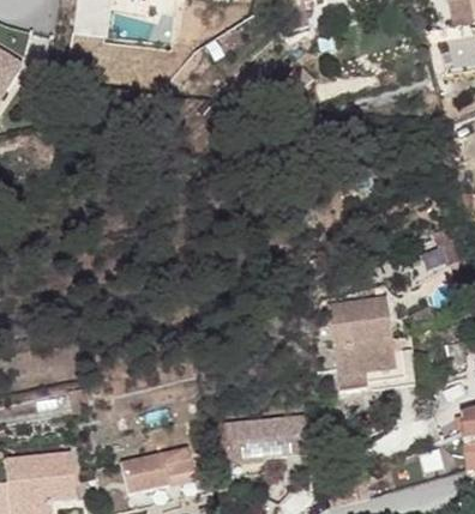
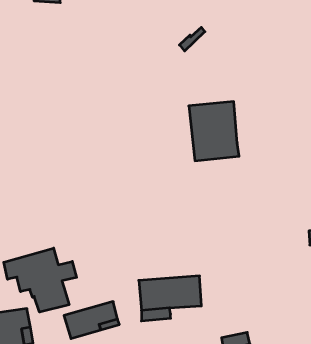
building: [335,296,403,376] -> [189,102,239,161]
building: none -> [4,248,77,312]

